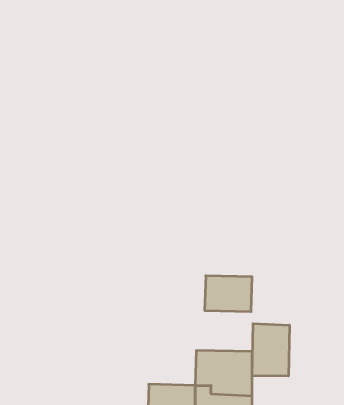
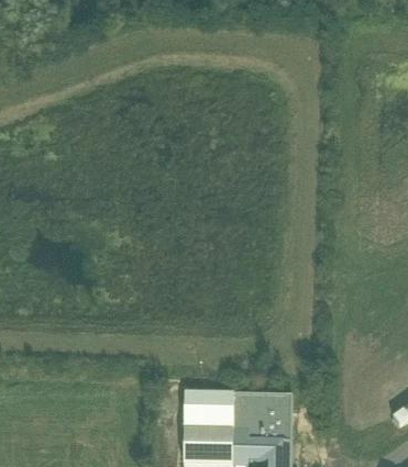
building: [205,276,252,312] -> [184,392,233,430]
building: [252,324,289,376] -> none

